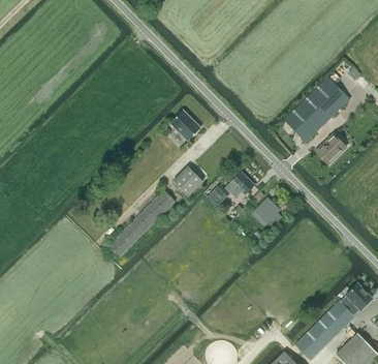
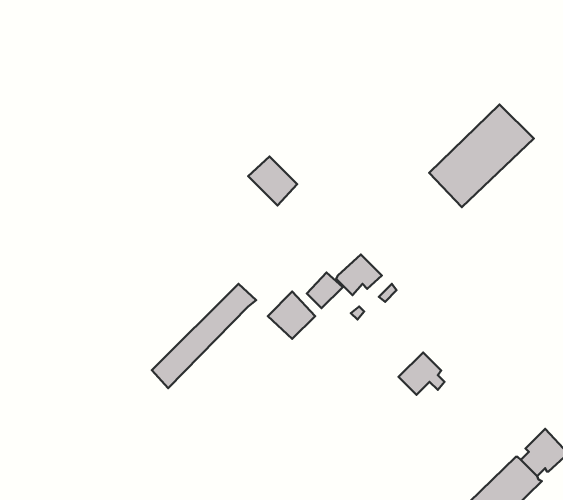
building: [316,134,345,164] -> none
building: [172,166,202,196] -> [268,292,315,339]
building: [252,199,281,225] -> [399,352,444,395]

